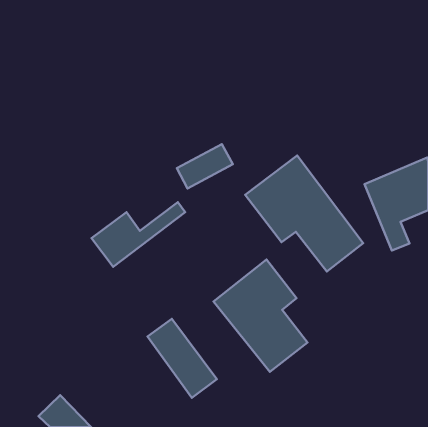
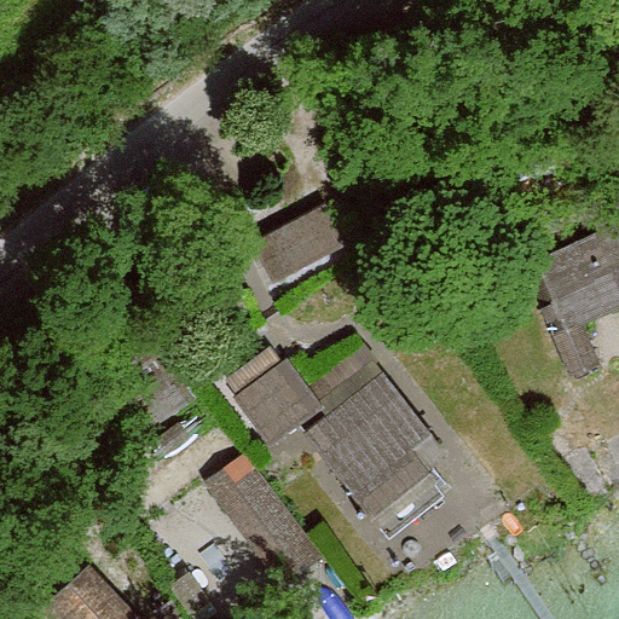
building: [245,156,363,272] -> none
building: [91,202,185,267] -> [237,346,372,439]

